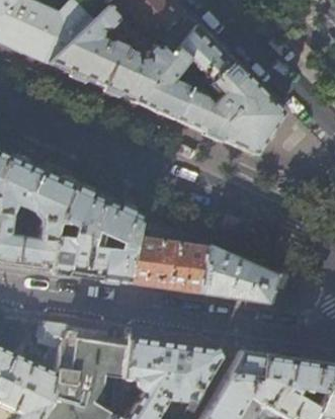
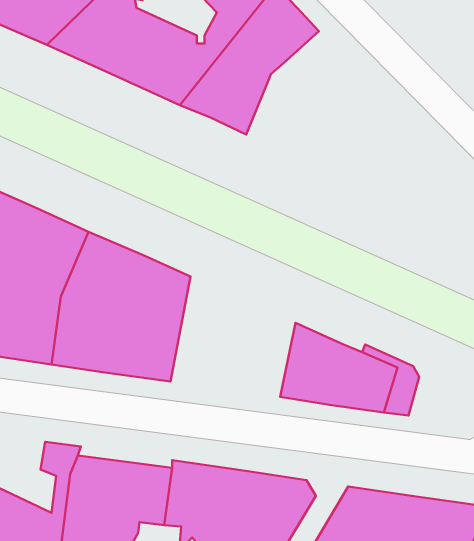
building: [175,54,282,156] -> none
building: [125,215,207,294] -> none

